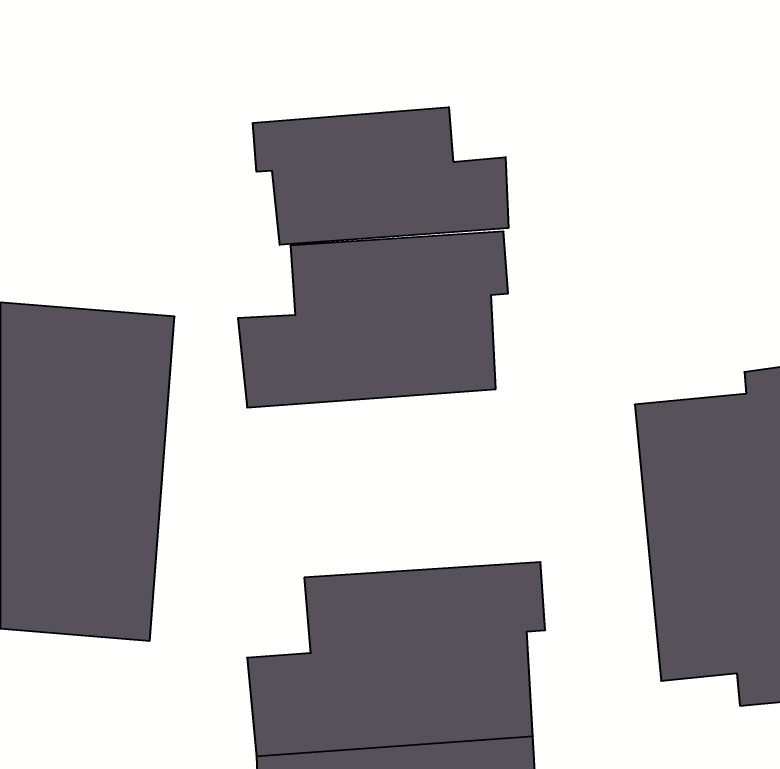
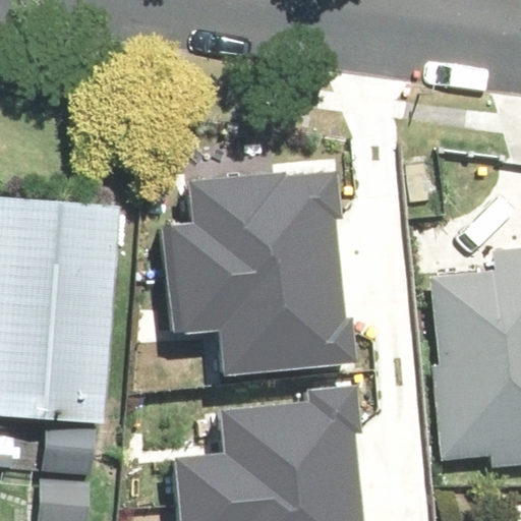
building: [253,107,508,245] -> none
building: none -> [169,270,351,375]

